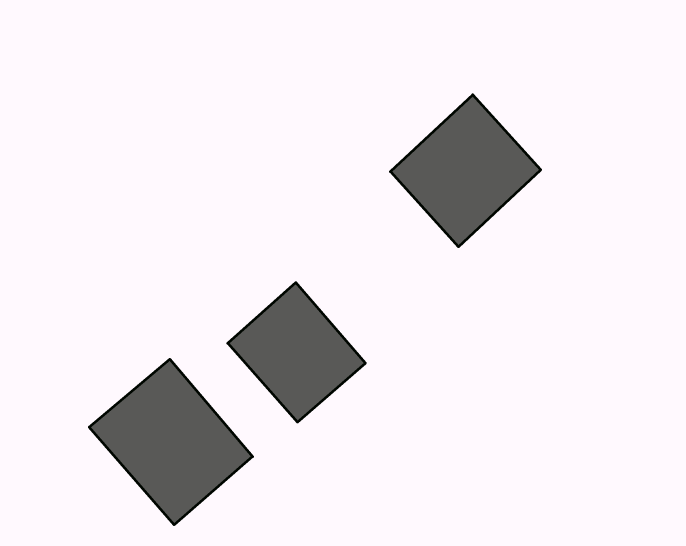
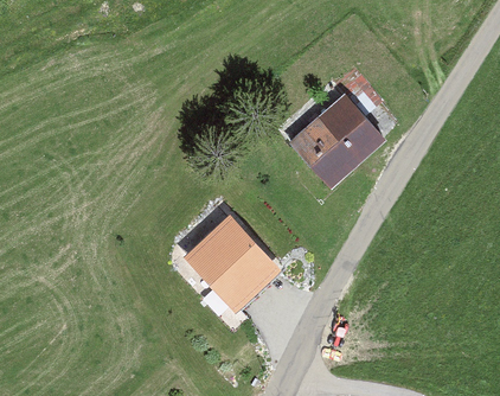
building: [89,359,253,525] -> none

